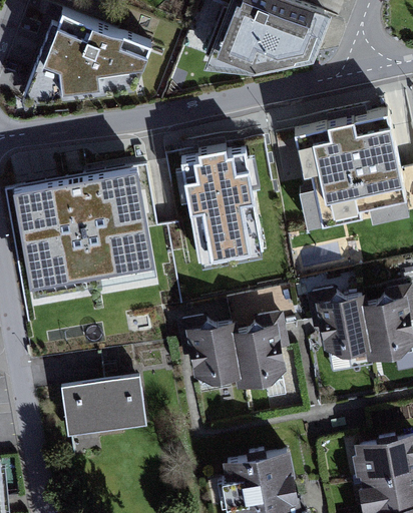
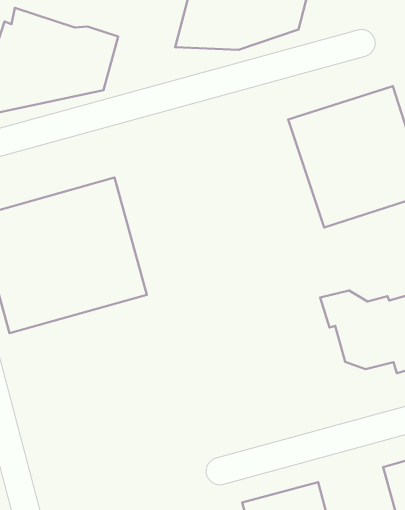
building: [180,148,267,270] -> none
building: [177,309,292,389] -> none
building: [62,375,145,433] -> none

